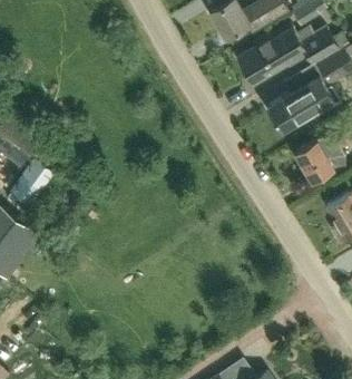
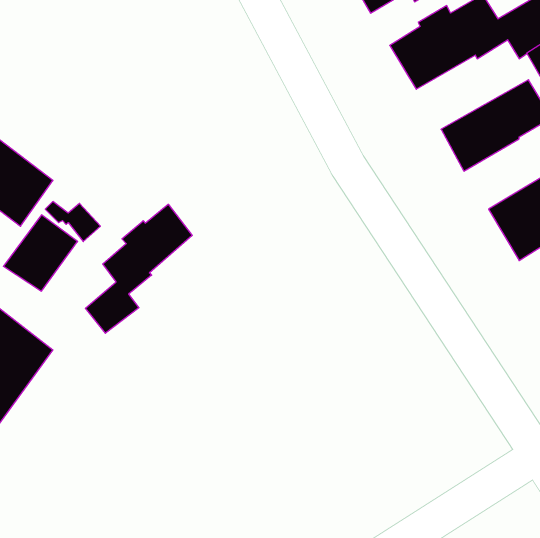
building: none -> [85,204,192,333]

